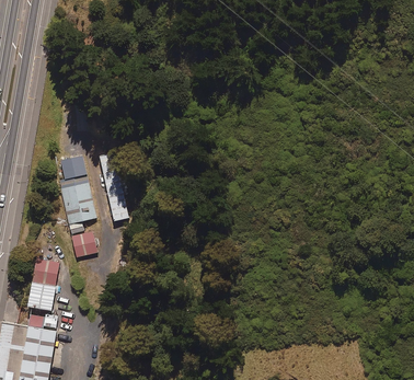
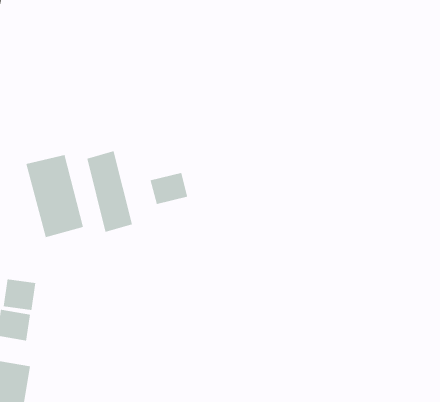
building: none -> [150,172,188,205]
building: [69,230,101,257] -> none

